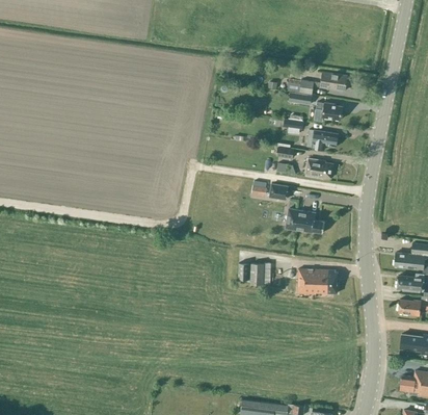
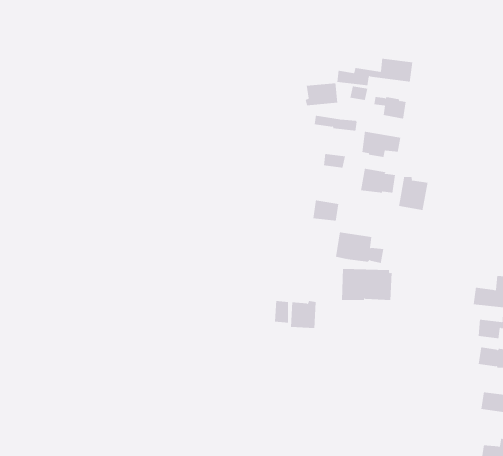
building: none -> [305,82,338,106]
building: none -> [398,176,428,211]
building: [298,268,339,293] -> [341,269,393,300]

